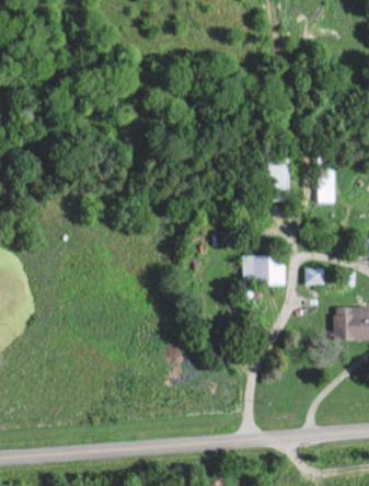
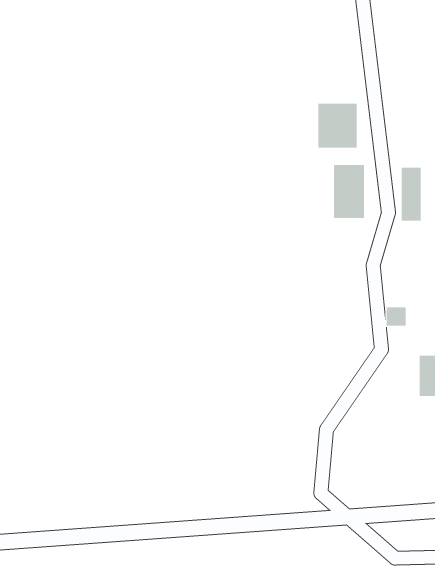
building: none -> [318,103,357,149]
building: [243,255,285,285] -> none

